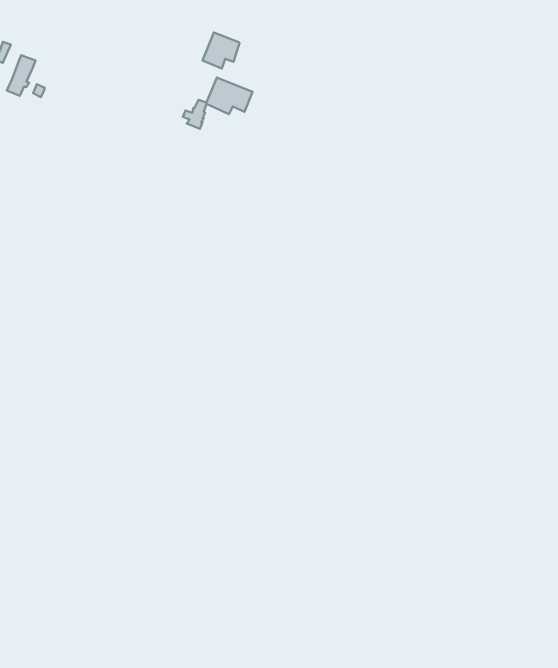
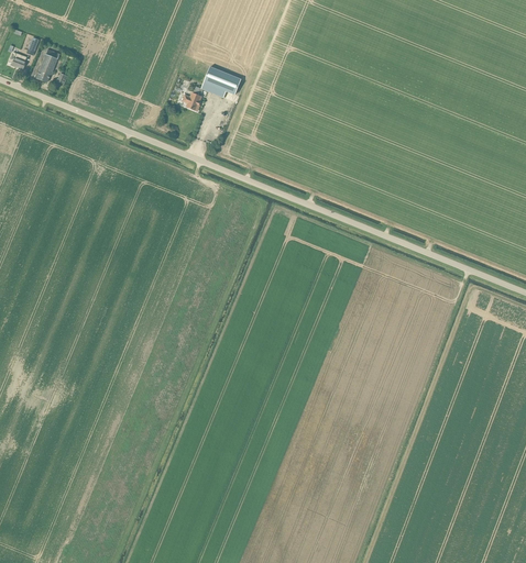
building: [202,32,240,69] -> none

